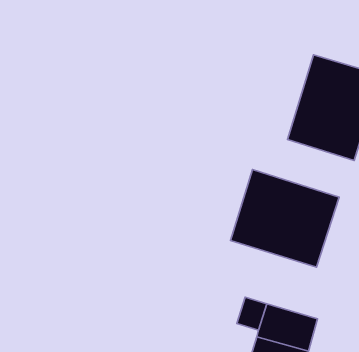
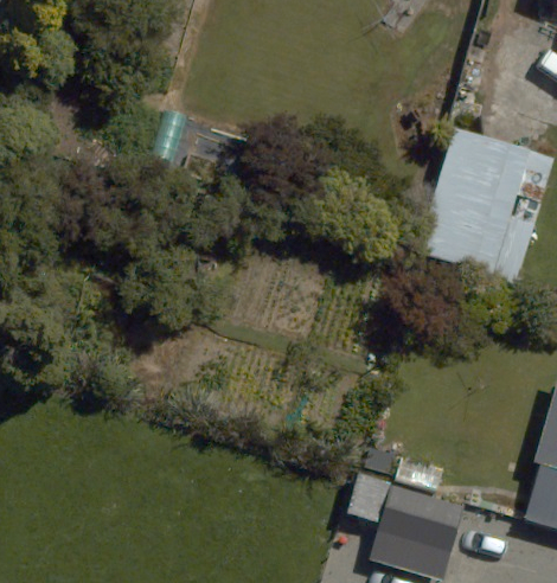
building: [231,169,339,267] -> none

